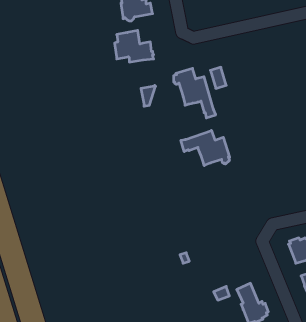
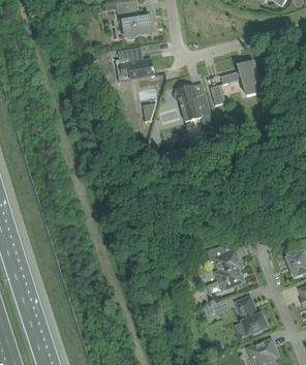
building: none -> [220,61,262,95]
building: [181,130,230,166] -> none
building: none -> [205,248,243,294]

